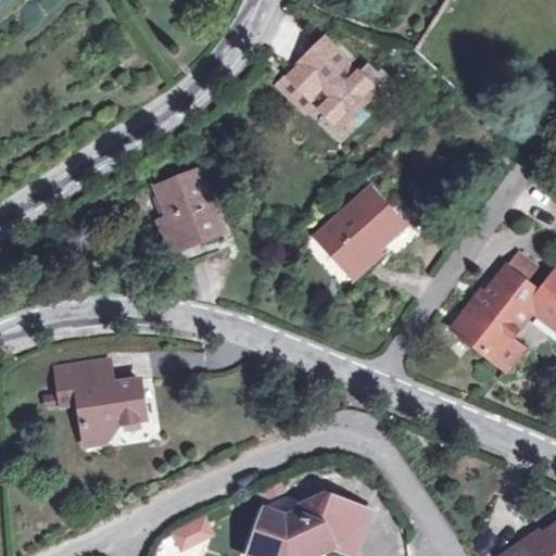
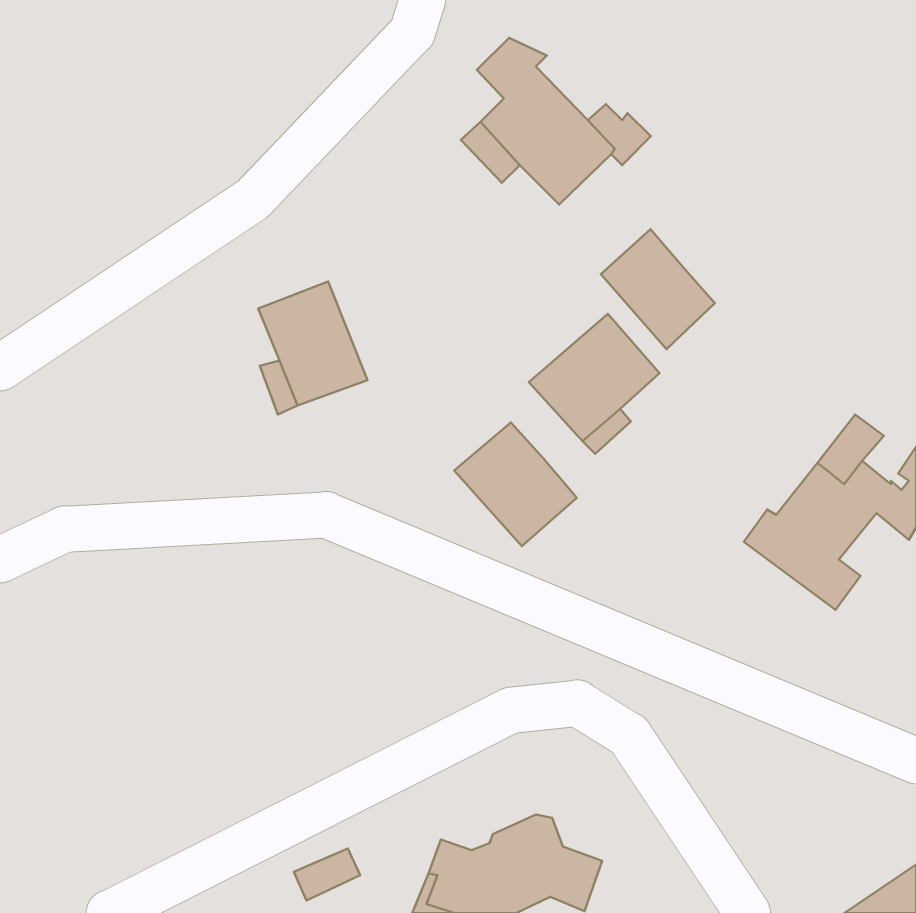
building: none -> [601,229,715,349]
building: none -> [454,422,577,546]
building: [59,366,144,444] -> none

